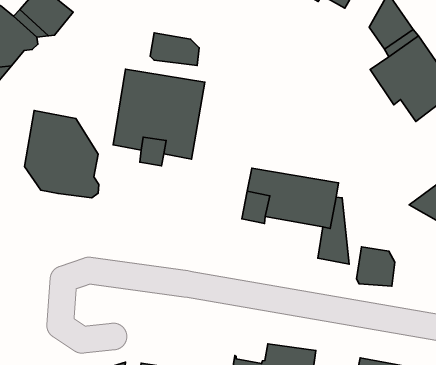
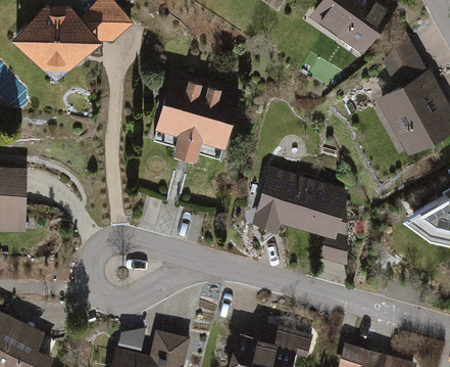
building: [150,33,199,66] -> none
building: [24,111,99,198] -> none
building: [357,247,395,286] -> none

